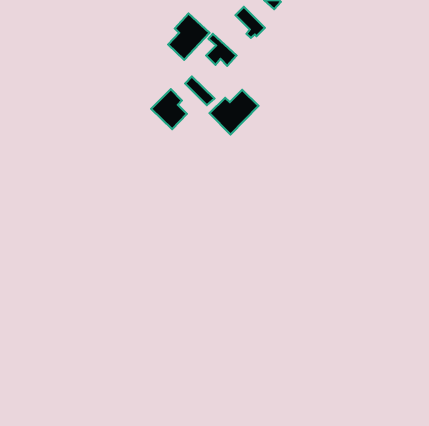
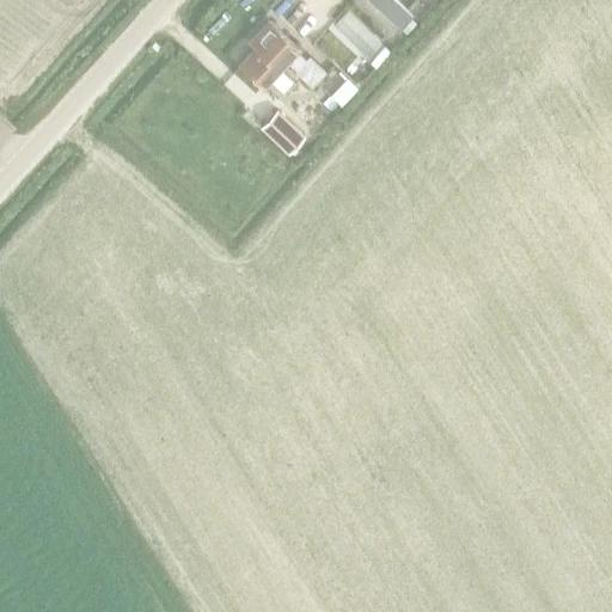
building: [151,89,187,129] -> none
building: [209,90,259,134] -> none

